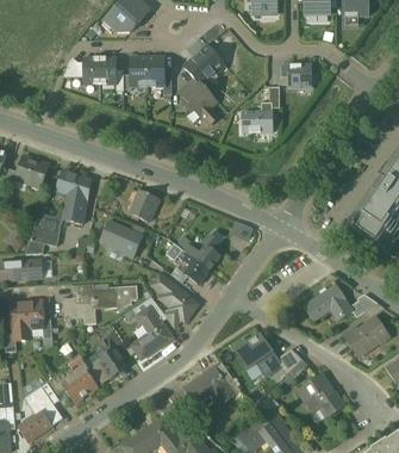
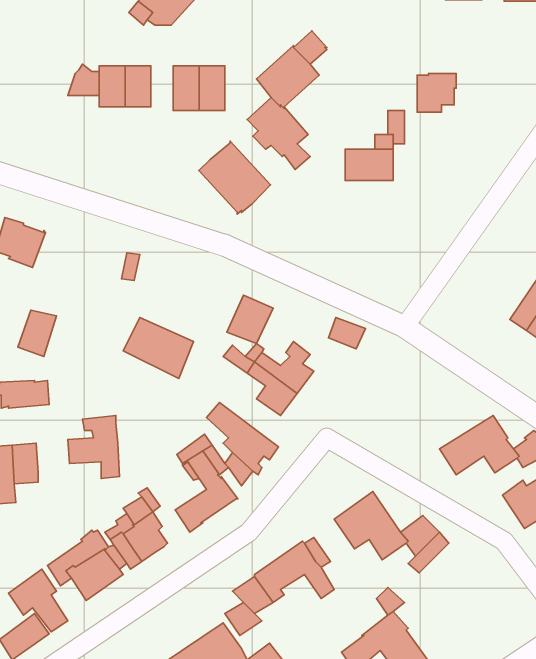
building: none -> [199,141,270,214]
building: [57,170,93,224] -> none
building: [130,191,160,222] -> [227,295,273,343]
building: [94,285,138,311] -> none
building: [298,374,345,417] -> none

